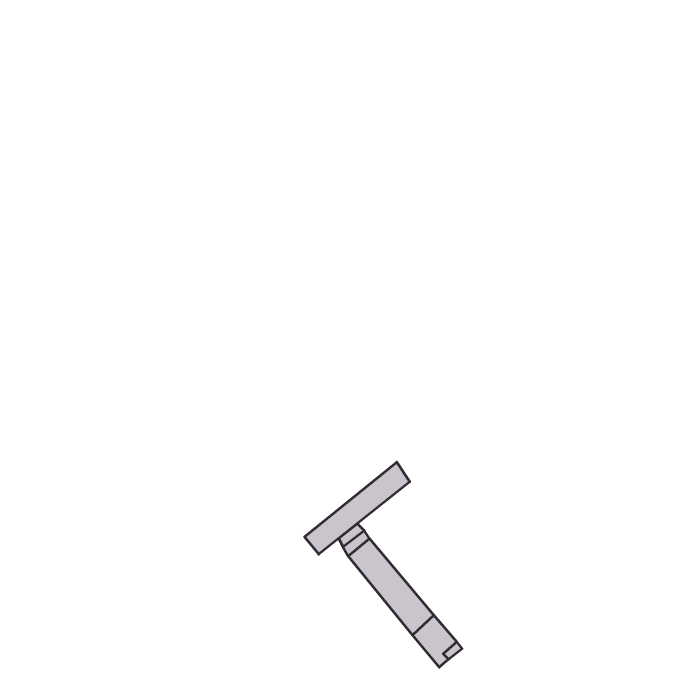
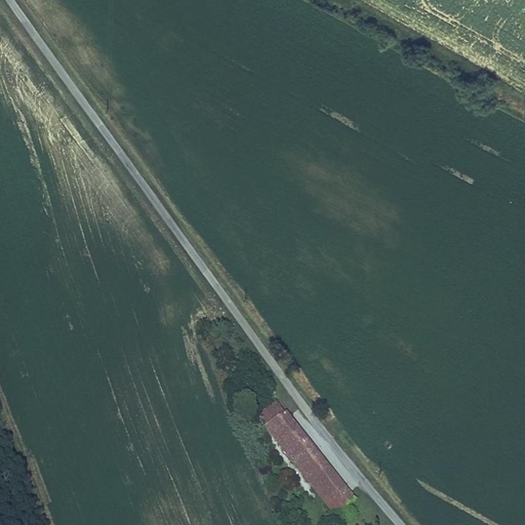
building: [305,462,410,554] -> none

